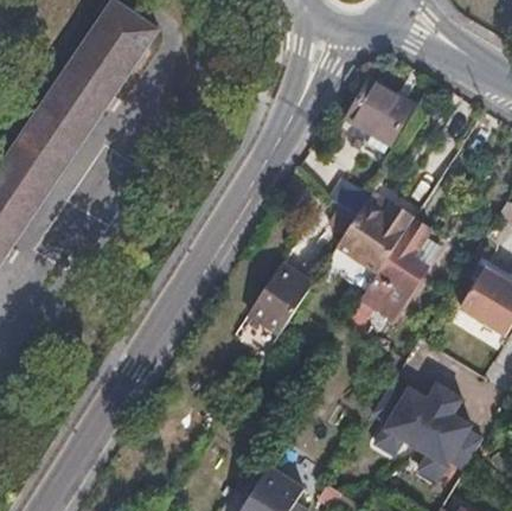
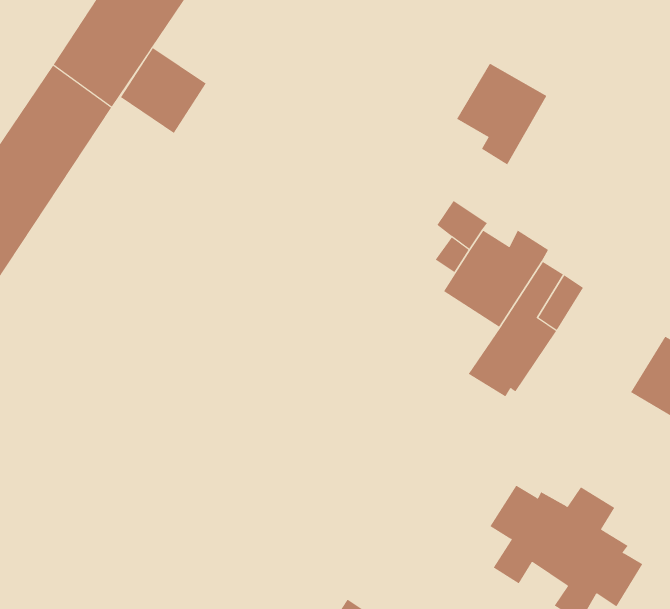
building: none -> [120,47,206,134]
building: [243,264,313,343] -> none

